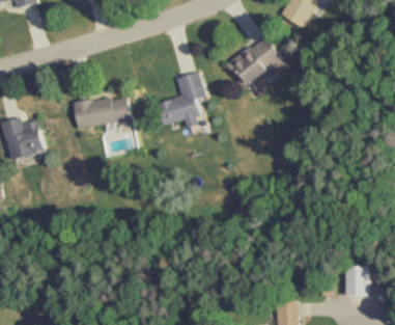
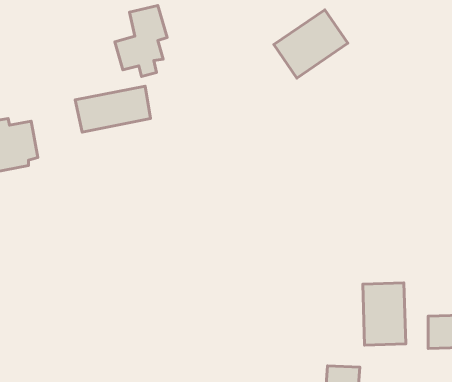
building: [164,73,204,128] -> [115,5,167,77]
building: none -> [363,283,406,345]

